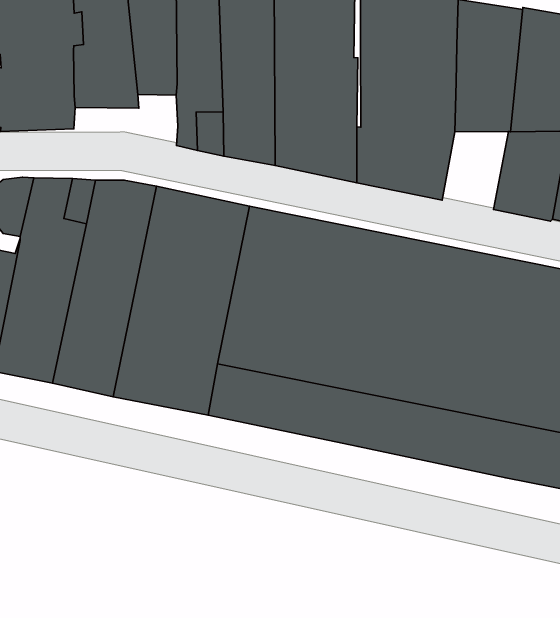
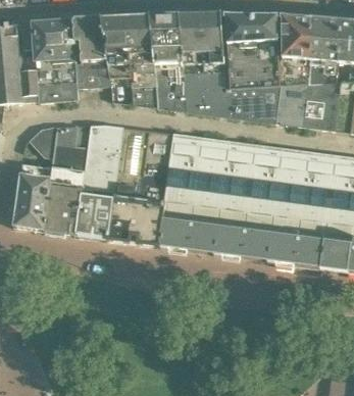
building: none -> [275,84,308,126]

